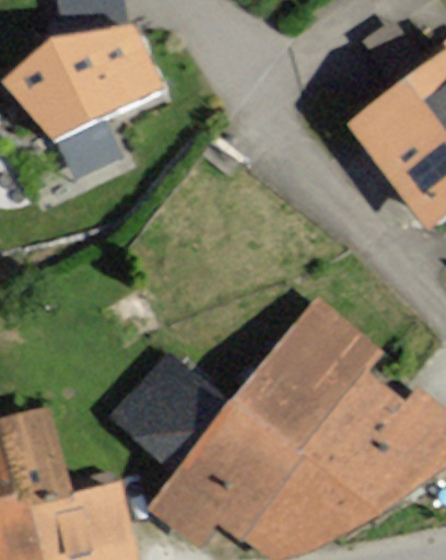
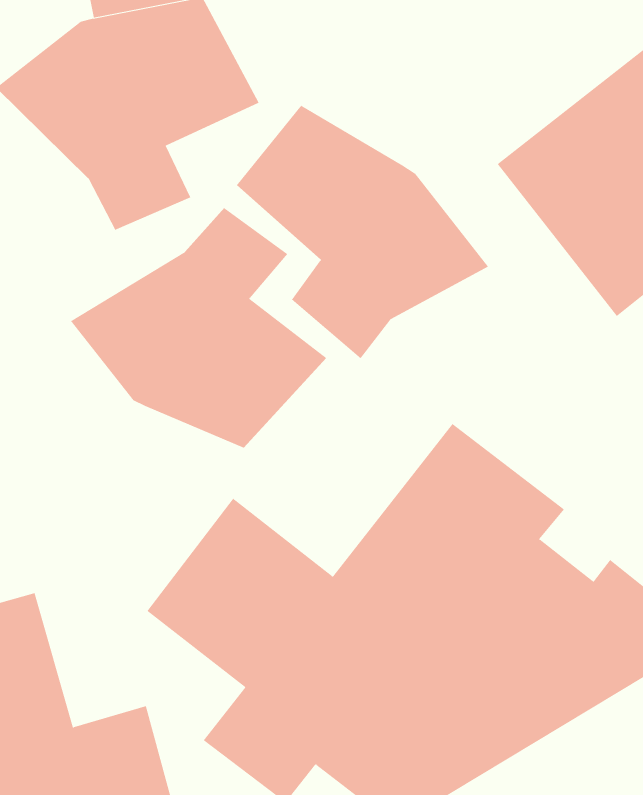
building: none -> [236,105,489,359]
building: none -> [70,207,327,449]

